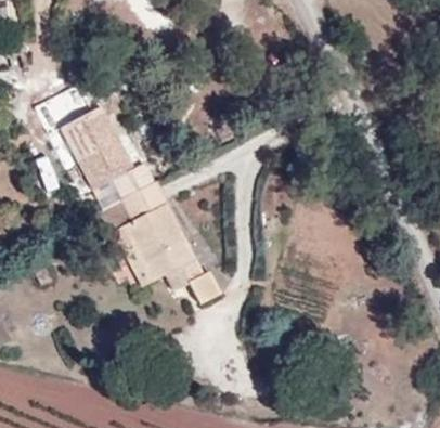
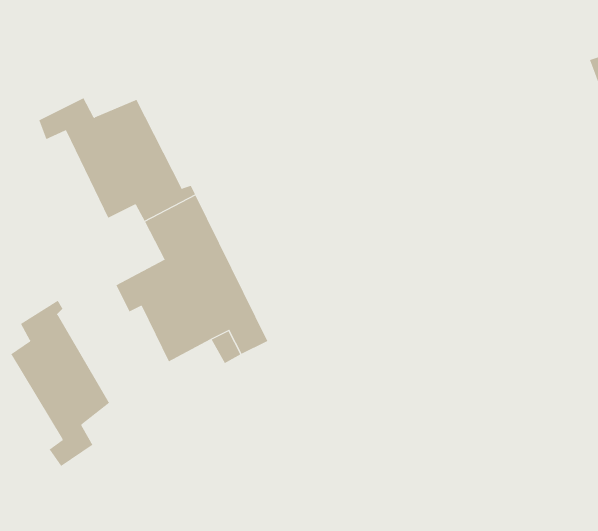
building: none -> [10,300,110,467]

